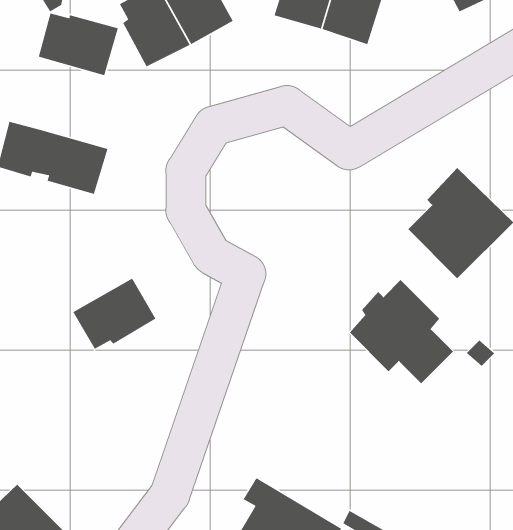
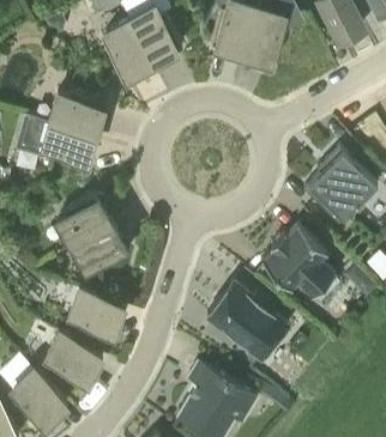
building: [38,12,119,76] -> [48,91,104,135]
building: none -> [53,195,111,249]
building: none -> [206,283,288,359]
building: none -> [66,289,125,338]
building: none -> [43,333,102,387]

